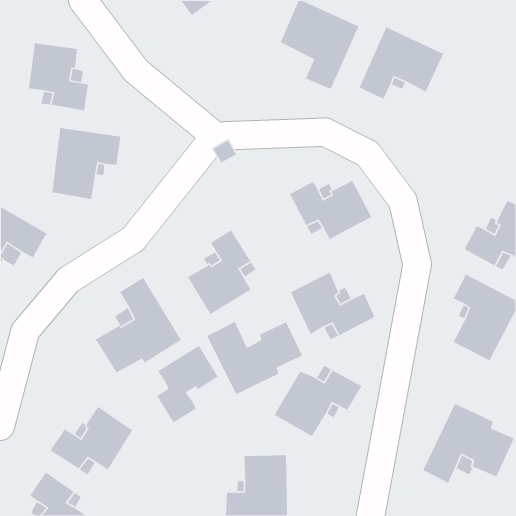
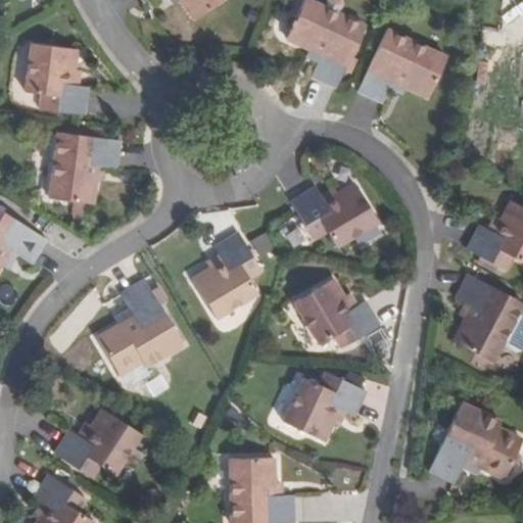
building: [206,321,303,395] -> none
building: [156,345,219,423] -> none

